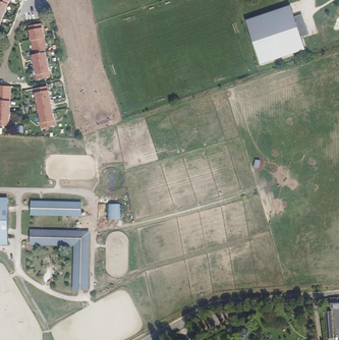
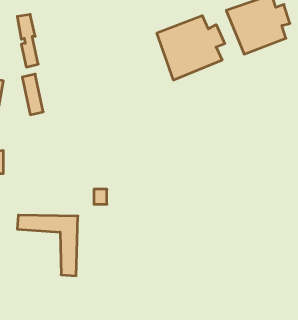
building: none -> [157,16,225,80]
building: [29,200,80,217] -> none

